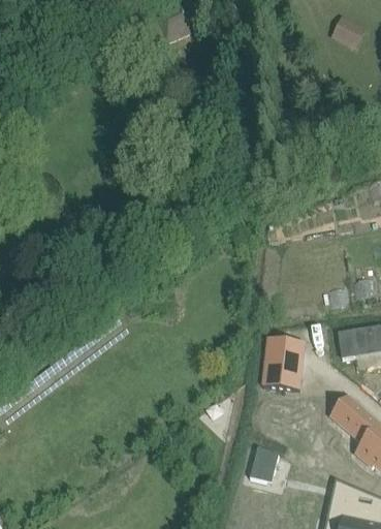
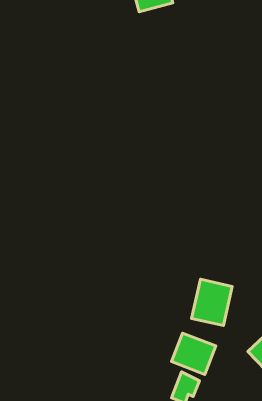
building: none -> [172,333,216,374]

